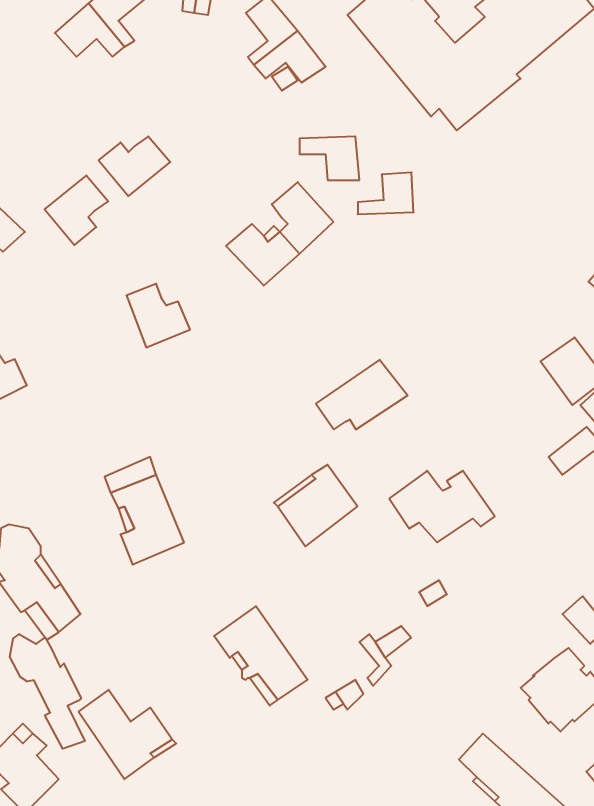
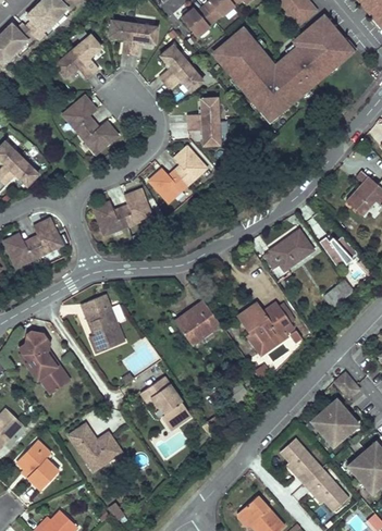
building: [358,172,414,214] -> [189,99,220,122]
building: [45,175,108,245] -> [63,96,98,134]
building: none -> [123,189,152,226]
building: none -> [34,219,64,257]
building: [316,360,408,429] -> [264,230,315,268]
building: [10,634,85,749] -> none

